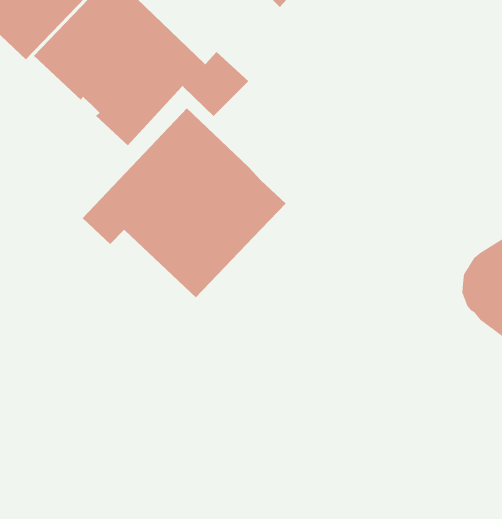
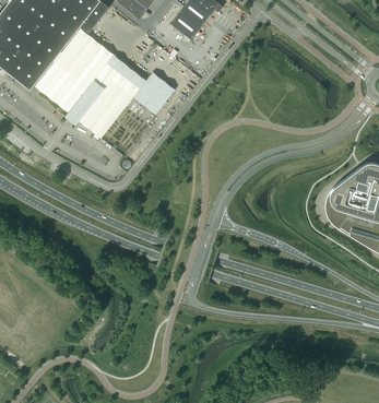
building: [82,107,287,298] -> none

